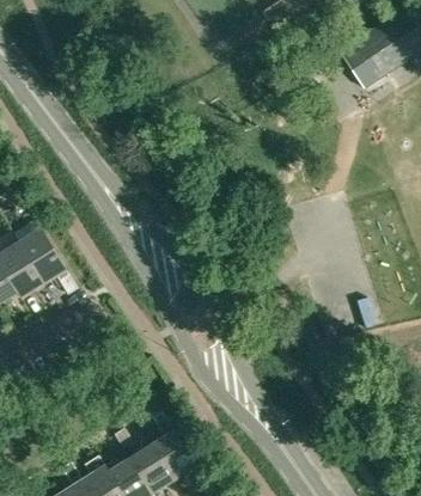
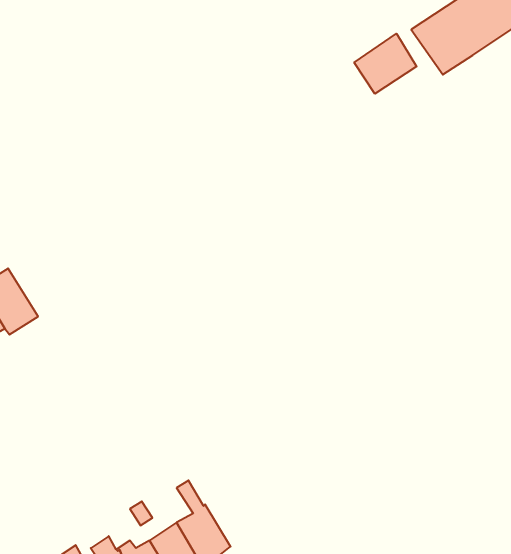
building: none -> [354,34,417,94]
building: [16,231,74,295] -> none

